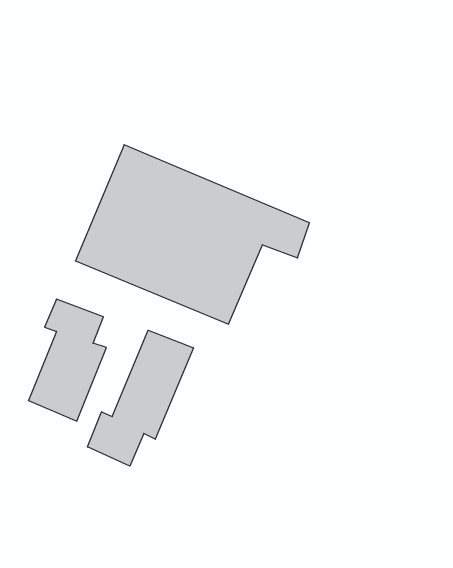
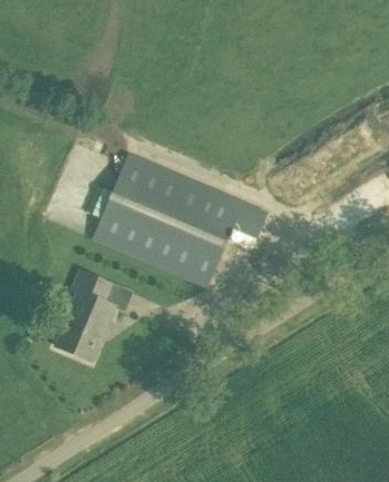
building: [87,330,193,466] -> none

